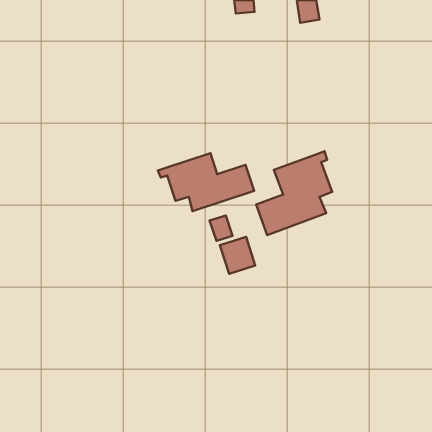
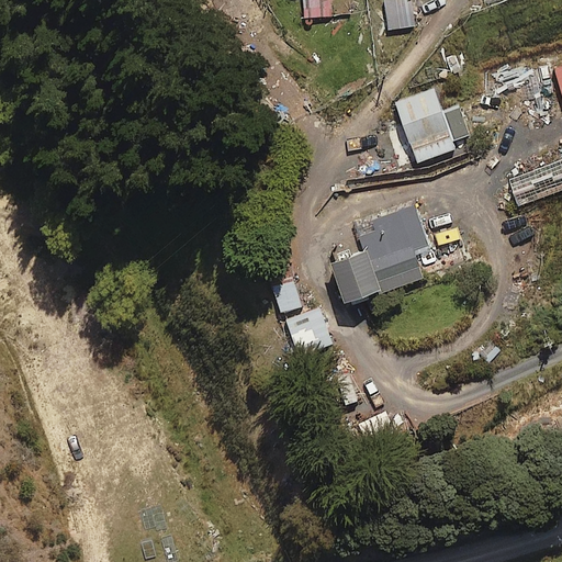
building: none -> [395,89,456,164]
building: [158,153,254,211] -> none

